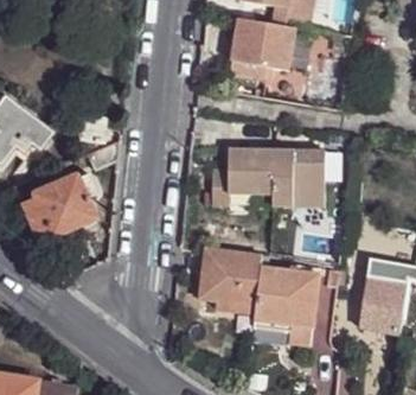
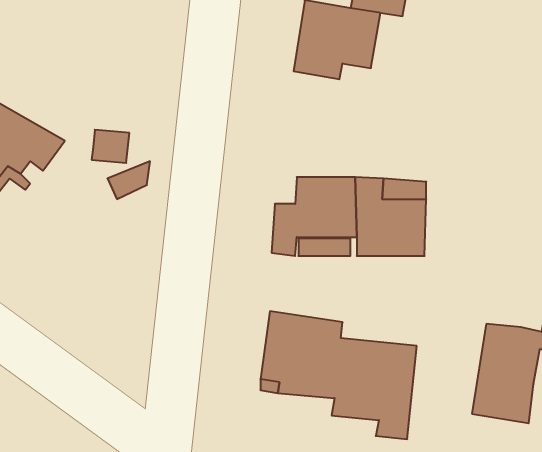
building: [18,166,95,231] -> none

